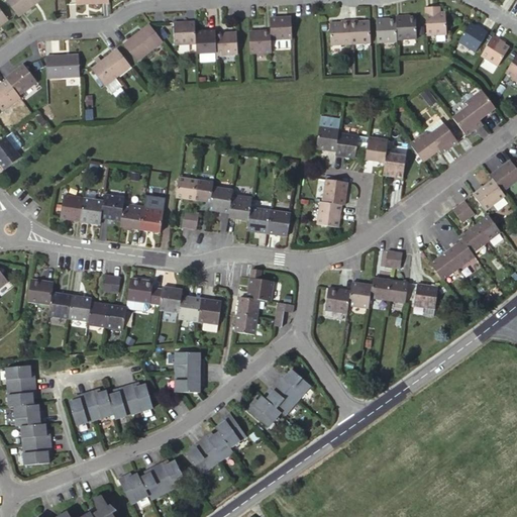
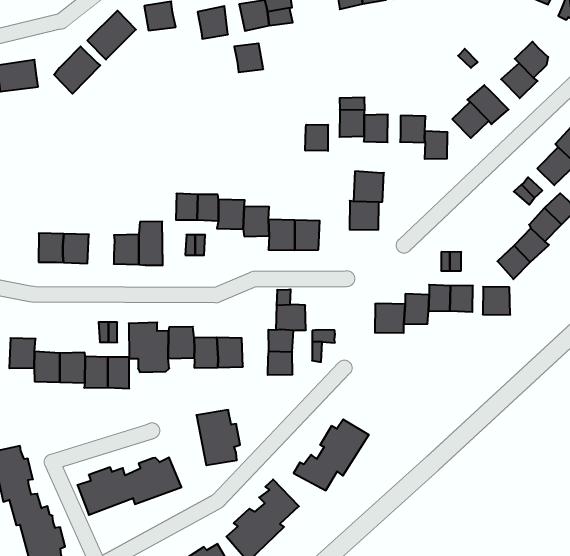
building: [194,30,215,51] -> [234,43,263,72]
building: none -> [305,125,328,151]
building: [101,194,125,220] -> none

